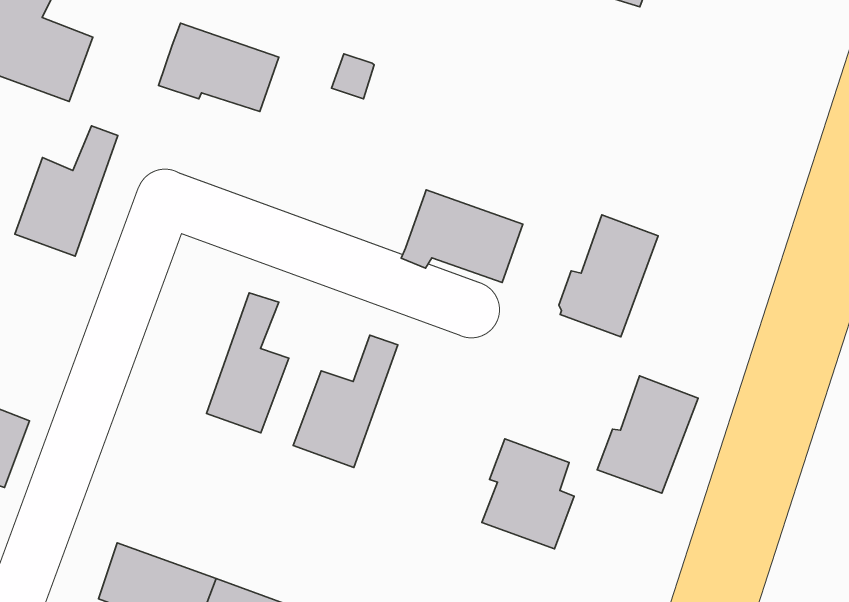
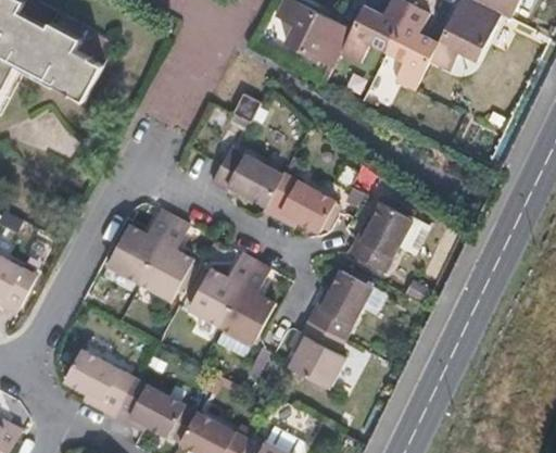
building: [159,23,279,112] -> [210,150,280,206]
building: [15,126,118,256] -> [106,212,173,285]
building: none -> [218,261,271,344]
building: [597,376,698,493] -> [306,273,369,341]

